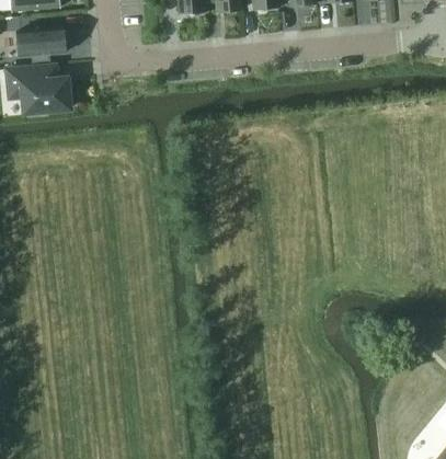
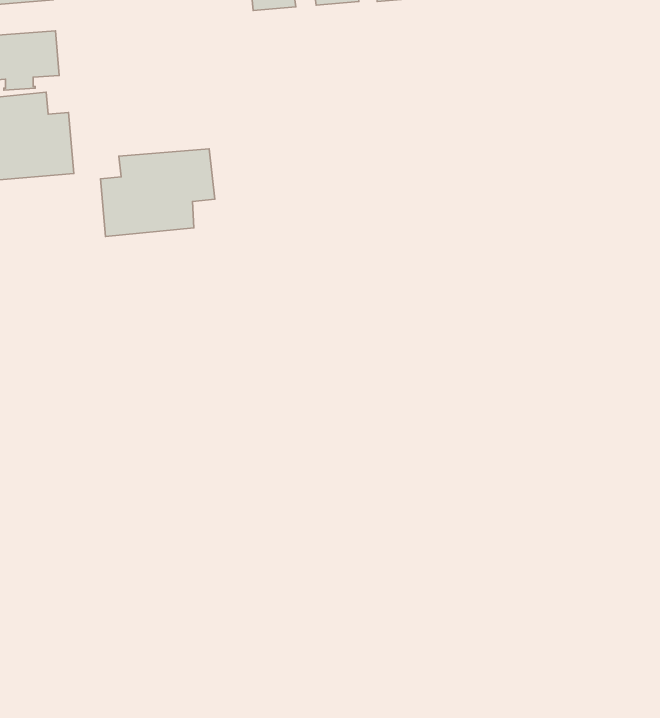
building: none -> [100,149,215,236]

